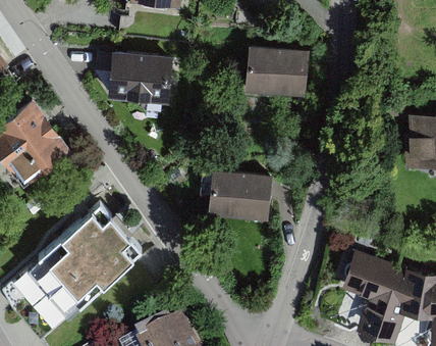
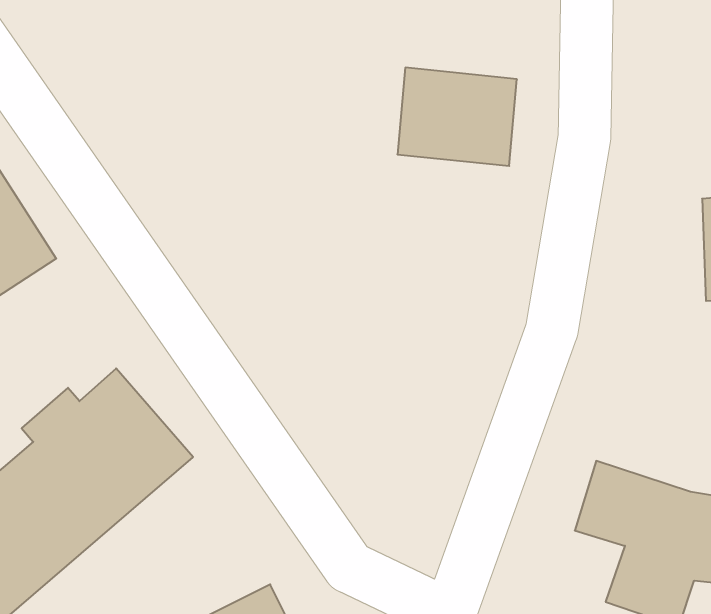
building: [108,51,176,106] -> none
building: [211,174,270,215] -> none

